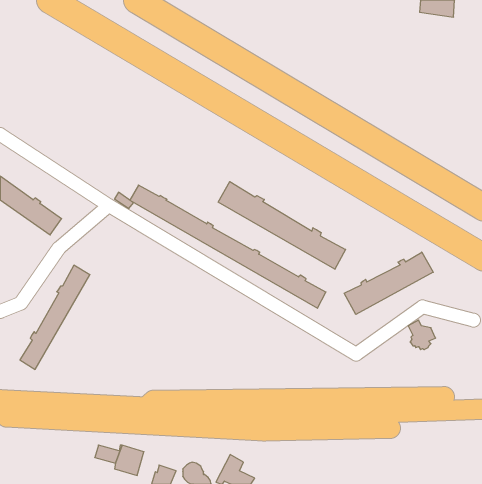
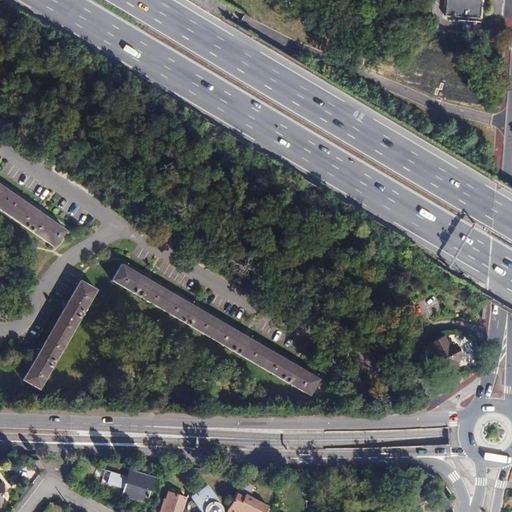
building: [218,182,346,269] -> none
building: [130,185,326,308] -> [113,264,320,394]
building: [344,252,433,314] -> none

